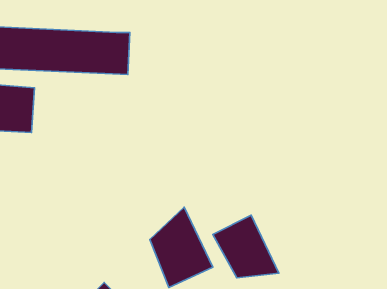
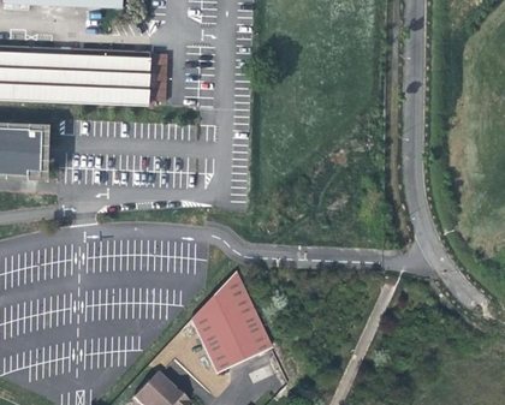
building: [213,215,279,278] -> none

